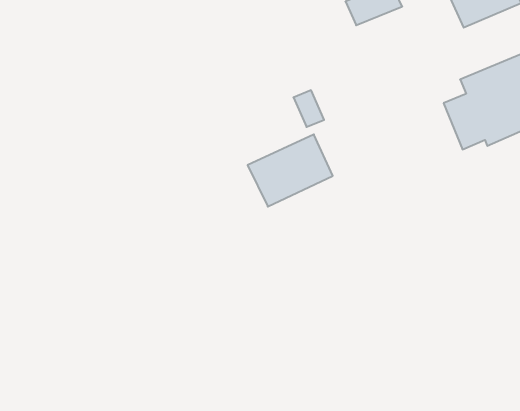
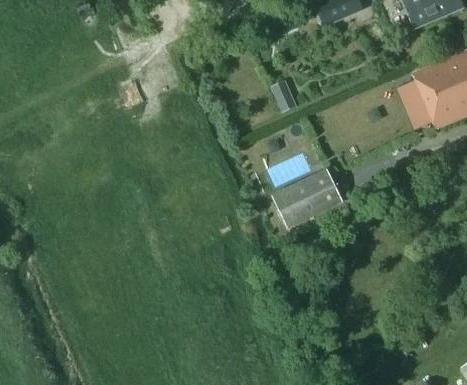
building: [248,134,333,207] -> [272,169,344,230]

